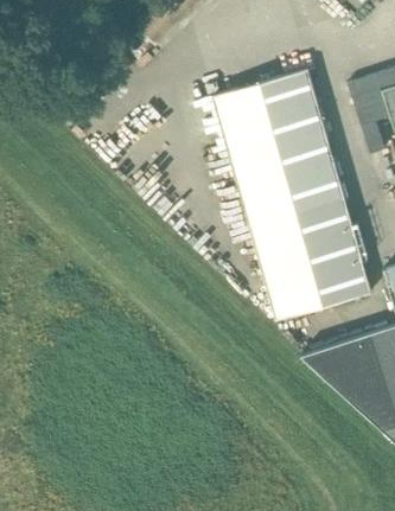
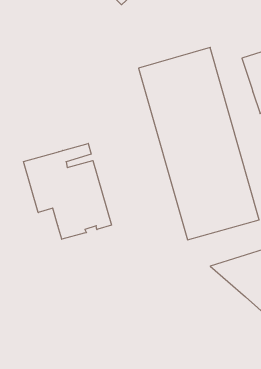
building: none -> [24,143,111,239]

